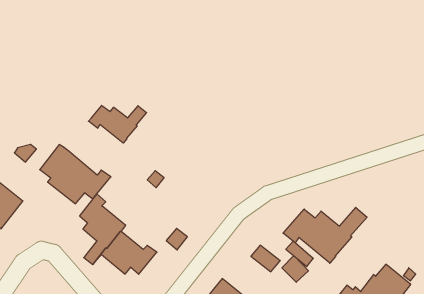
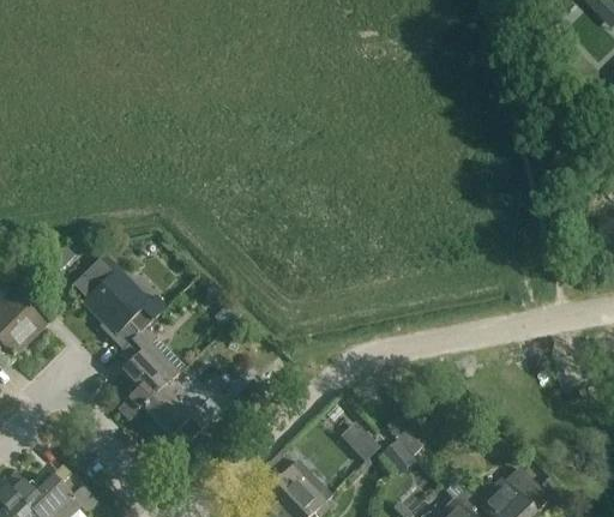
building: [88,105,147,143] -> none
building: [283,207,367,263] -> none

